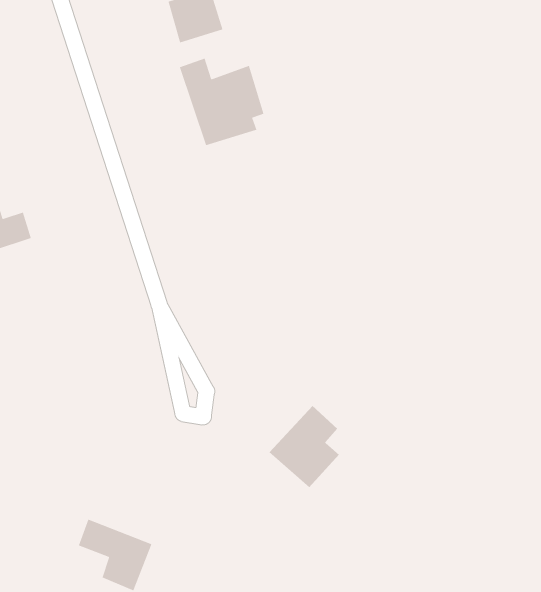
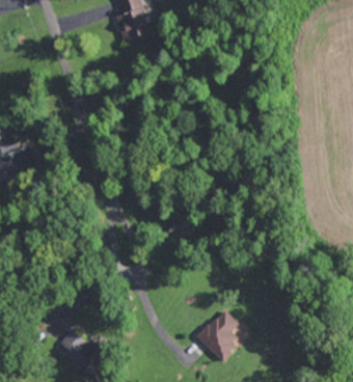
building: [179,58,265,146] -> none
building: [269,405,340,488] -> [197,307,241,358]

